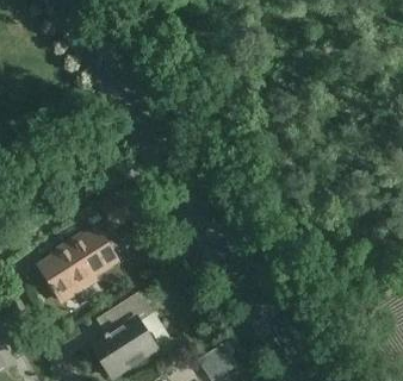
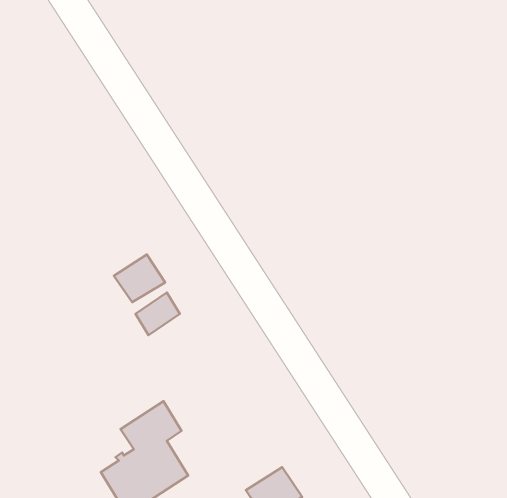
building: [41,231,117,301] -> none

